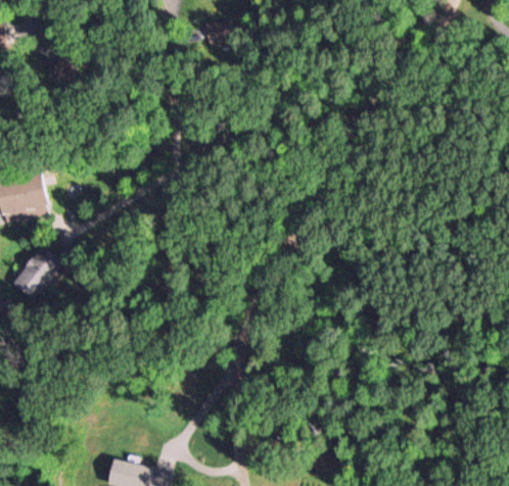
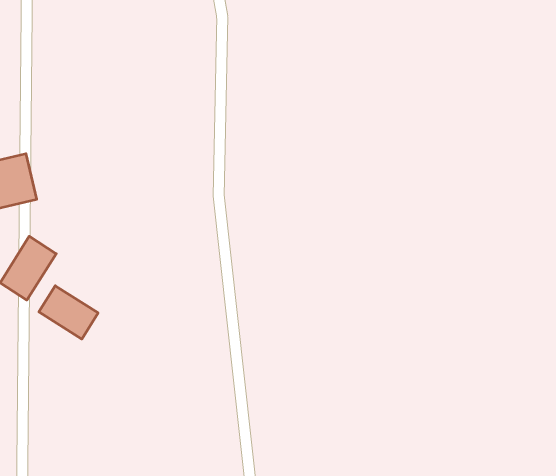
building: none -> [39,286,98,339]

